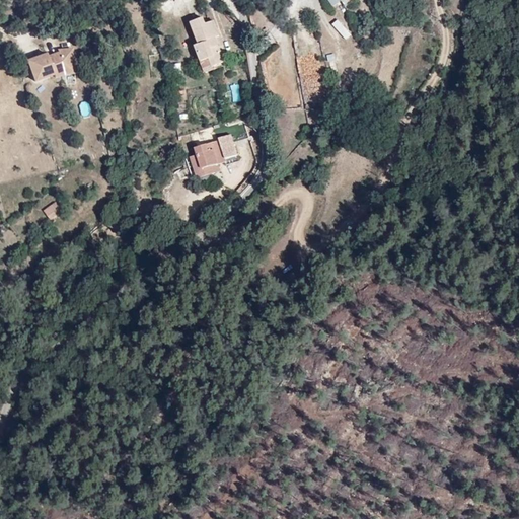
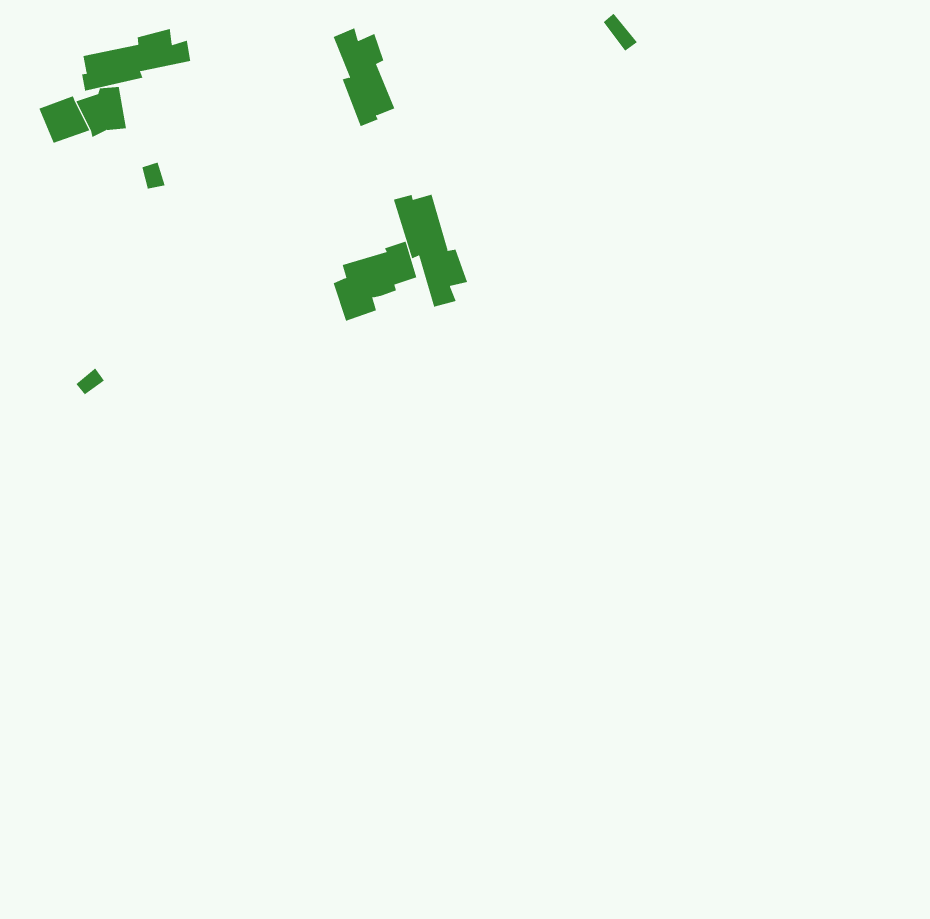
building: none -> [82,28,191,91]
building: none -> [393,194,468,307]

